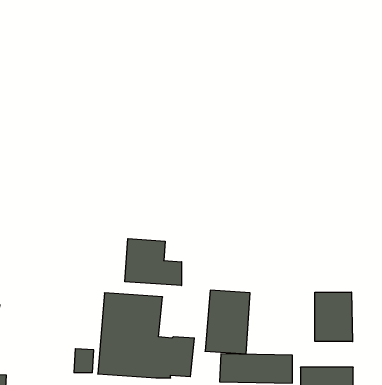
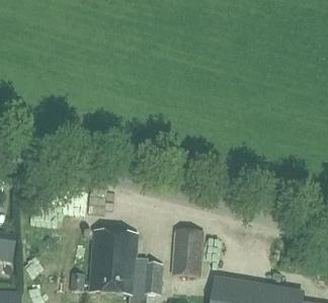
building: [125,239,182,286] -> none
building: [315,292,353,342] -> none

